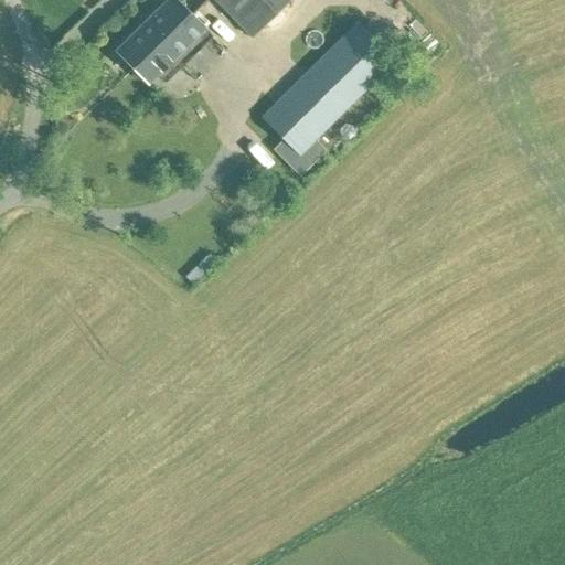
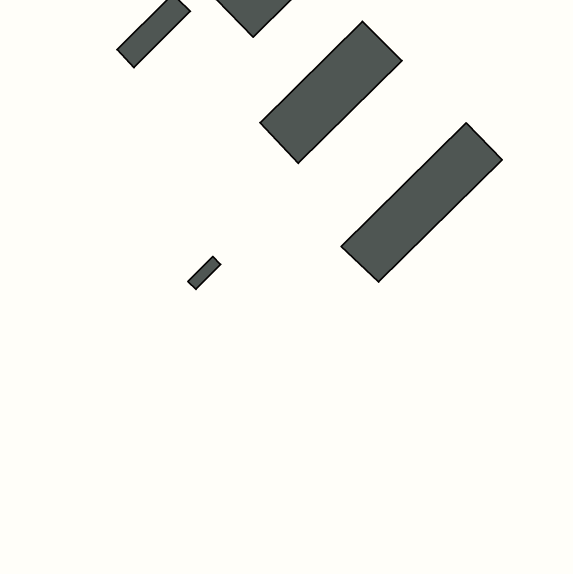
building: [134,11,213,83] -> none
building: none -> [341,123,502,282]

